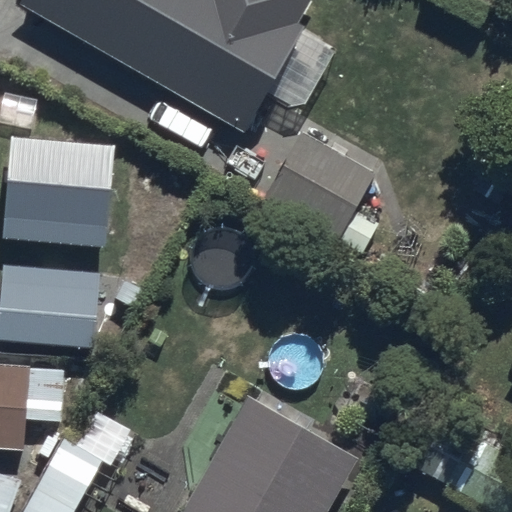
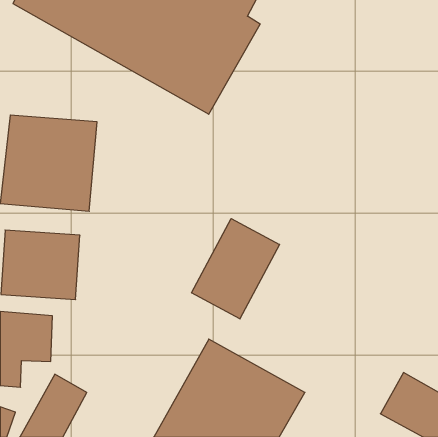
building: [257,129,382,252] -> none
building: none -> [192,219,280,319]

